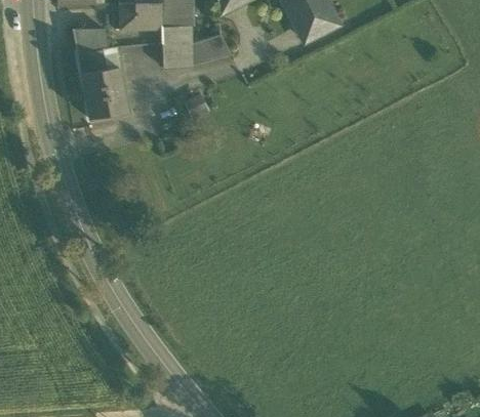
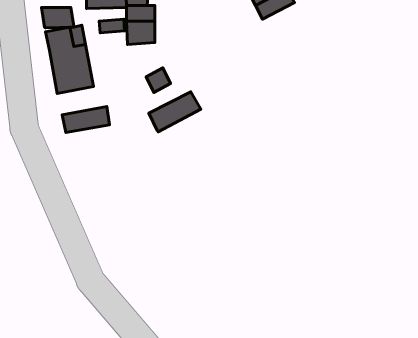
building: [192,34,231,66] -> none
building: none -> [149,92,201,132]
building: none -> [62,106,109,133]

